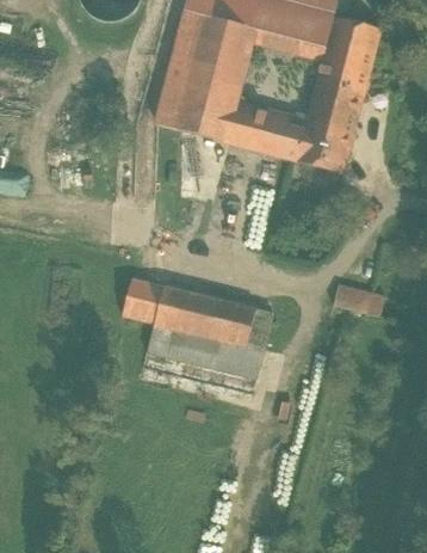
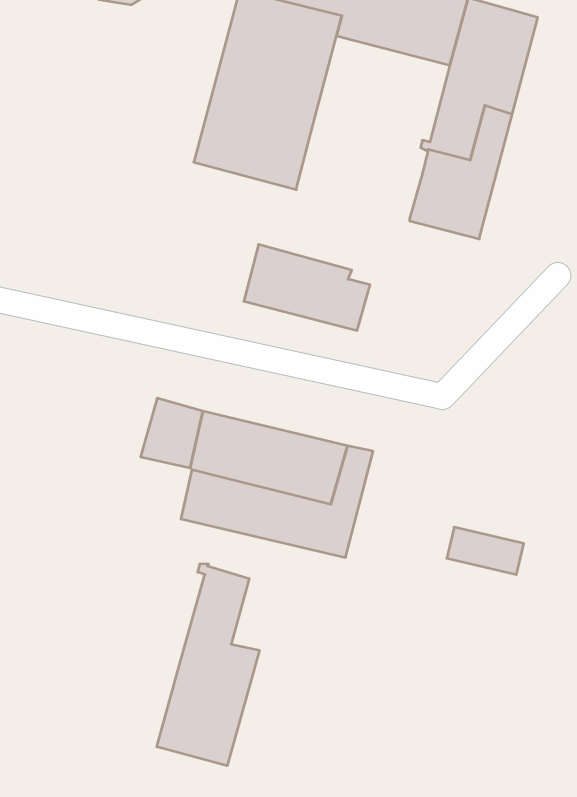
building: [223,104,305,160] -> [244,244,370,330]
building: [333,285,383,317] -> [447,527,524,575]
building: none -> [157,564,259,766]

